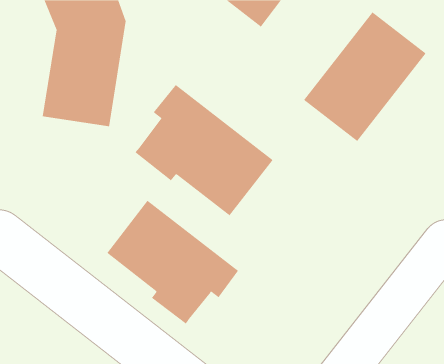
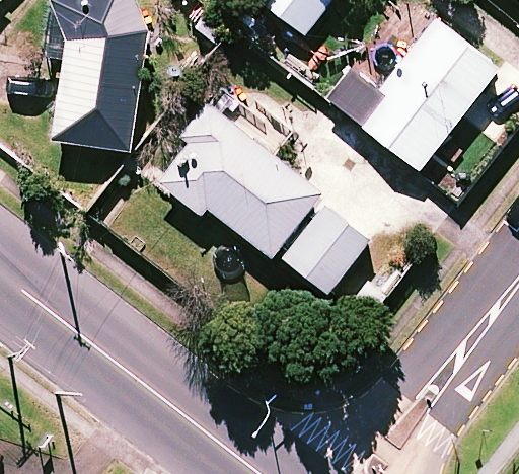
building: none -> [282,204,369,293]
building: [106,200,239,324] -> none

